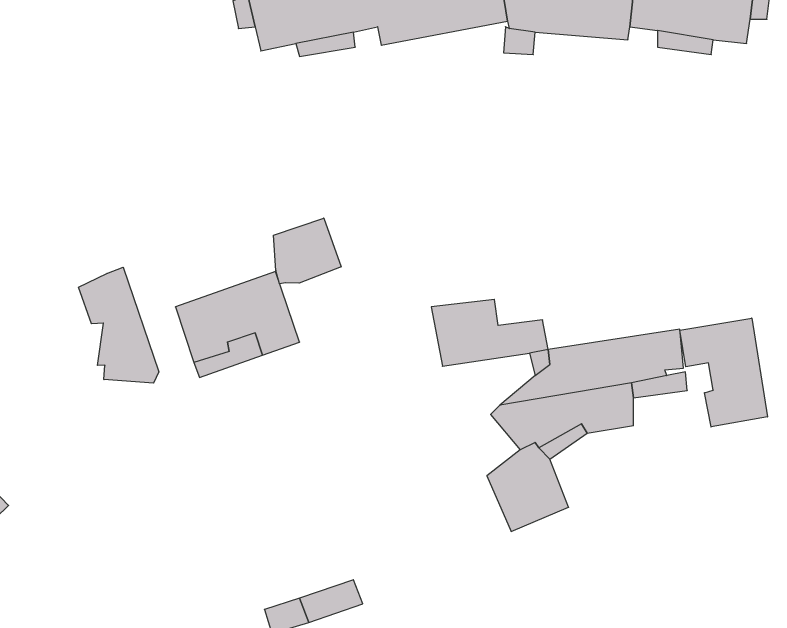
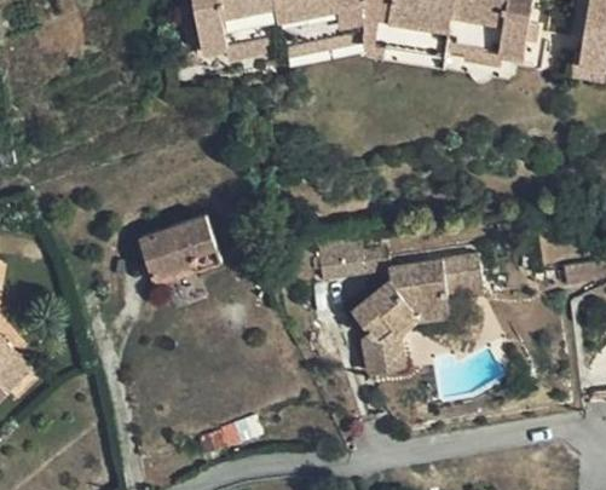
building: [274,218,341,284] -> none
building: [78,267,159,383] -> none
building: [680,318,767,427] -> none

